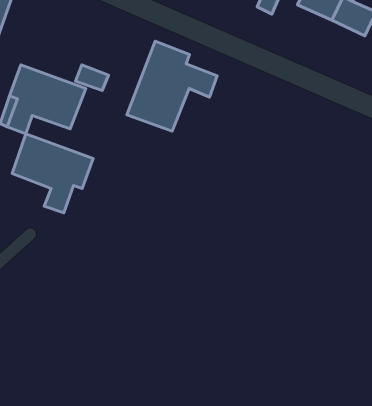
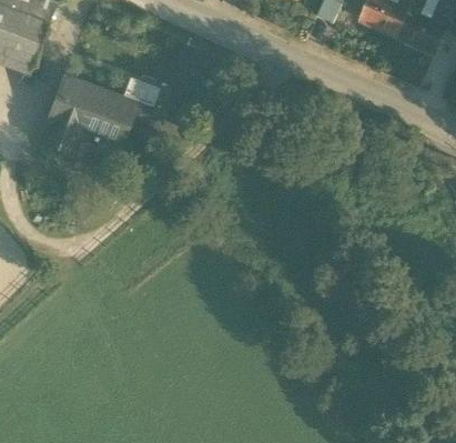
building: [127,41,217,131] -> none
building: [12,134,93,213] -> none

